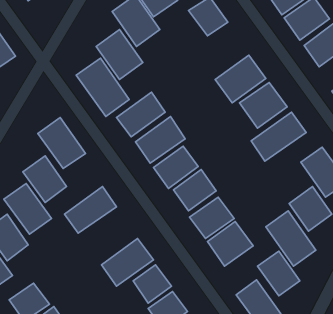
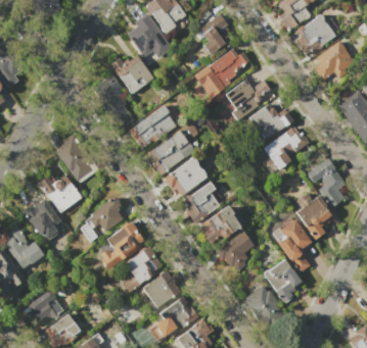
building: none -> [199,48,250,94]
building: none -> [93,222,147,270]

